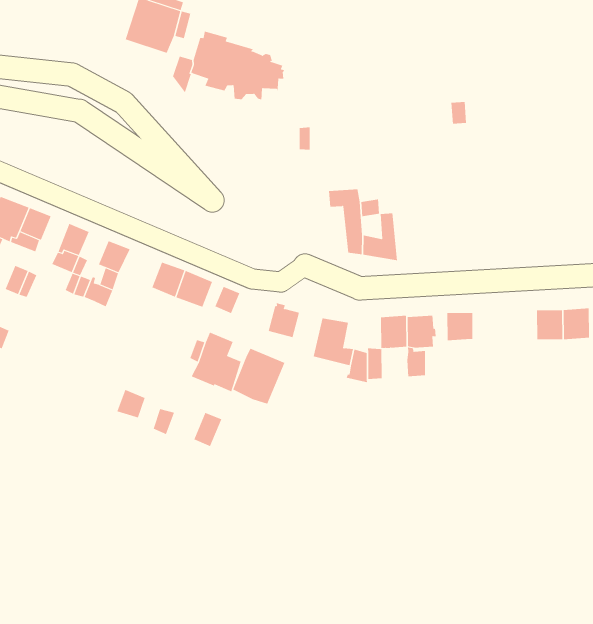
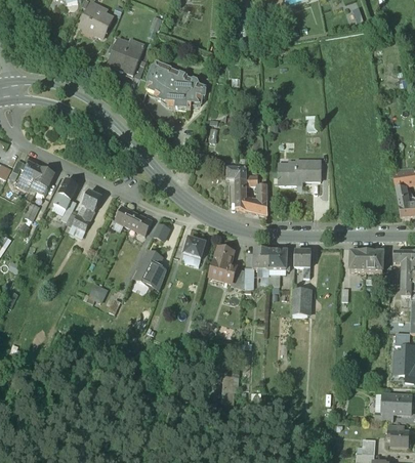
building: none -> [279,161,321,184]
building: [232,348,285,405] -> none
building: none -> [292,287,309,313]

